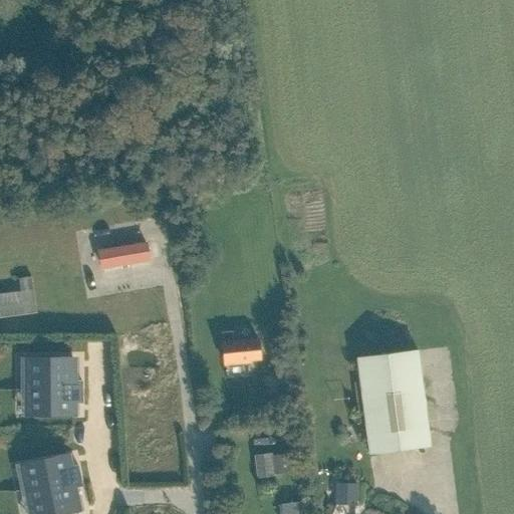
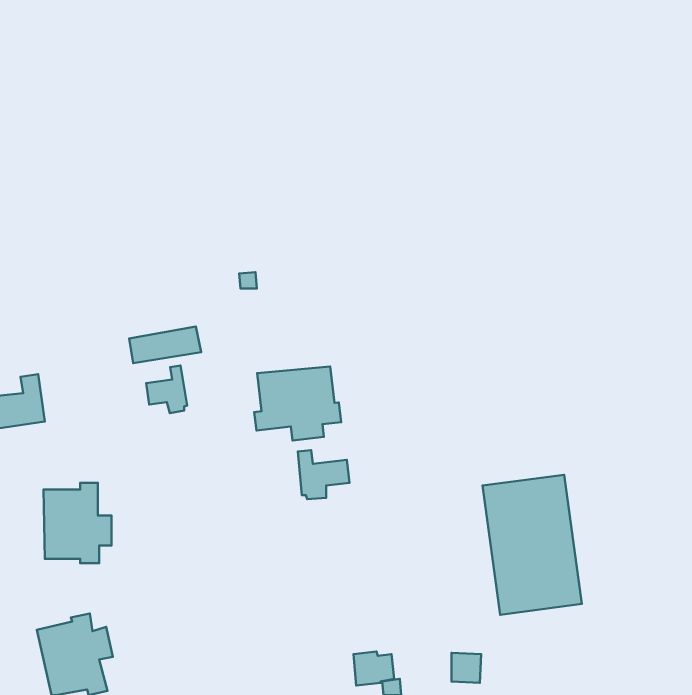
building: none -> [146,365,187,413]
building: none -> [254,366,341,441]
building: [252,452,282,477] -> [353,652,394,686]

